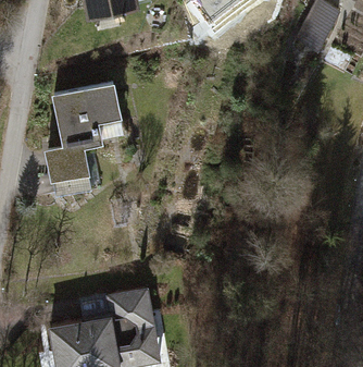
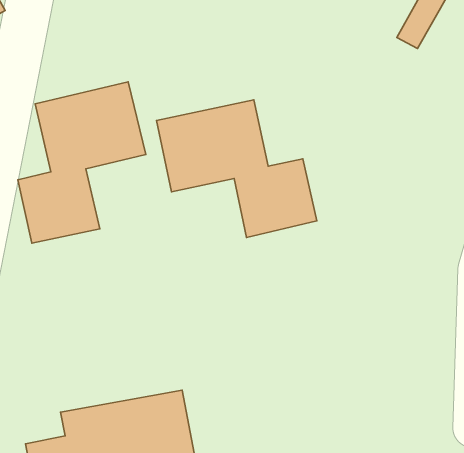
building: none -> [156,100,317,238]

